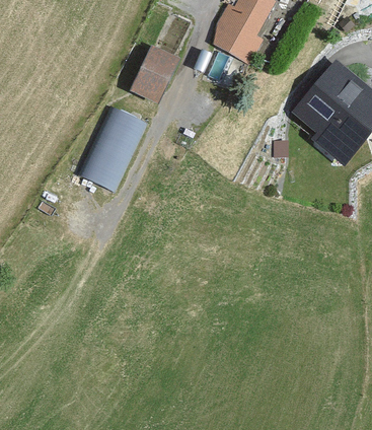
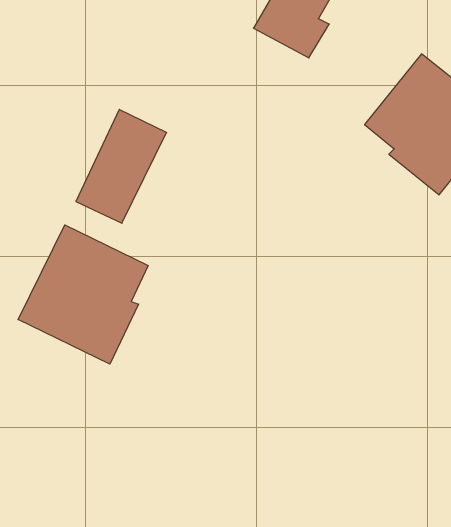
building: [129,49,174,101] -> none
building: none -> [18,225,148,364]

